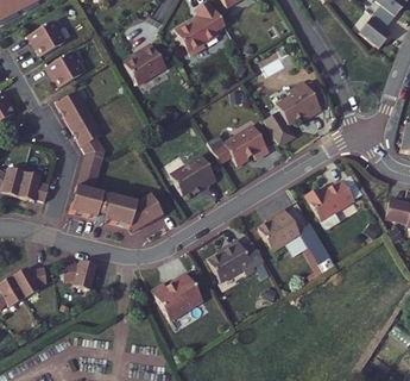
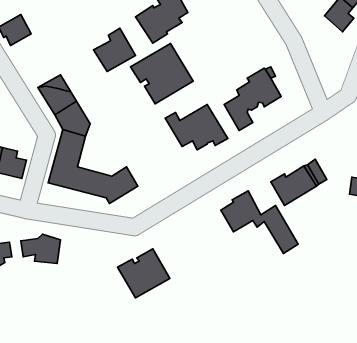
building: none -> [130,44,193,104]
building: [39,58,76,93] -> none
building: [168,154,213,194] -> none
building: [207,242,263,288] -> none

